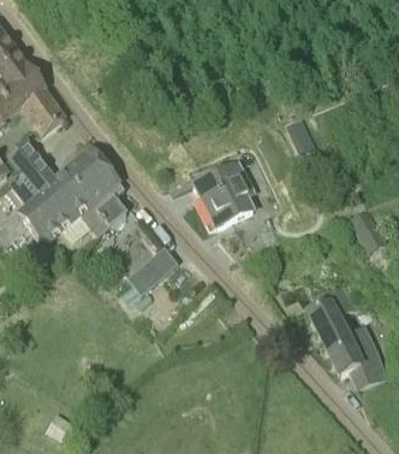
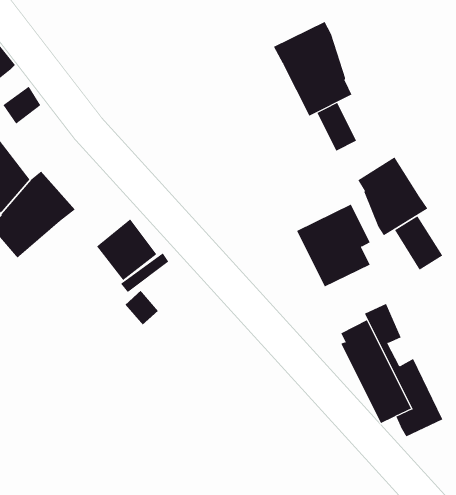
building: none -> [273,21,352,116]
building: [62,148,127,235] -> none
building: [192,159,252,226] -> [296,204,371,287]
building: none -> [357,157,428,236]

